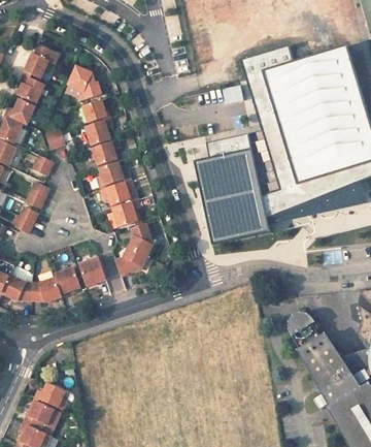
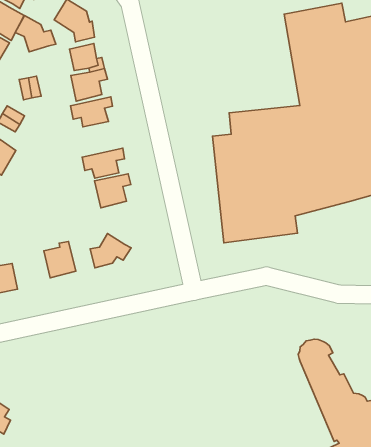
building: none -> [15,15,56,52]
building: [97,160,131,186] -> none
building: [127,220,151,256] -> none
building: [54,267,80,297] -> none

